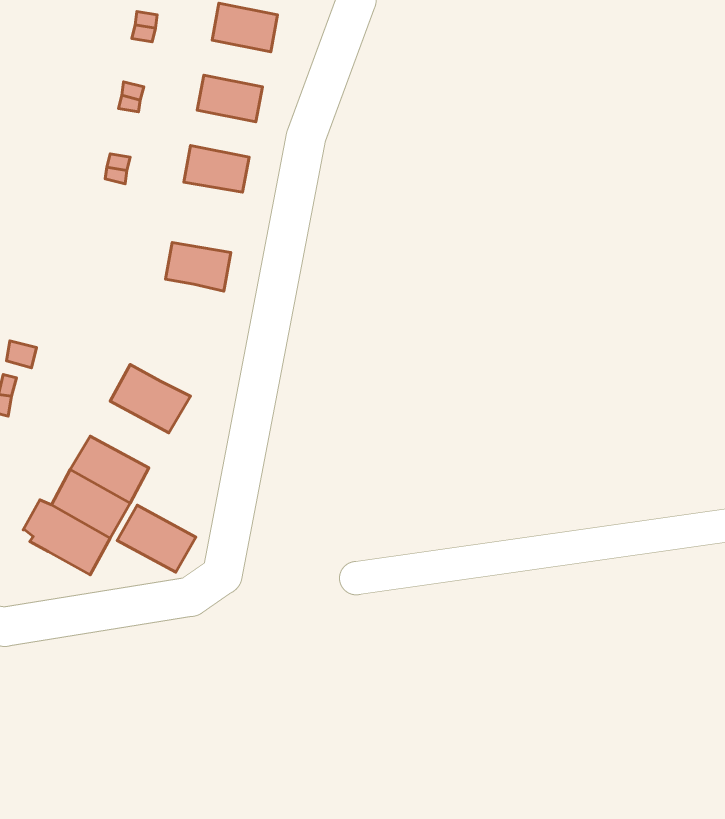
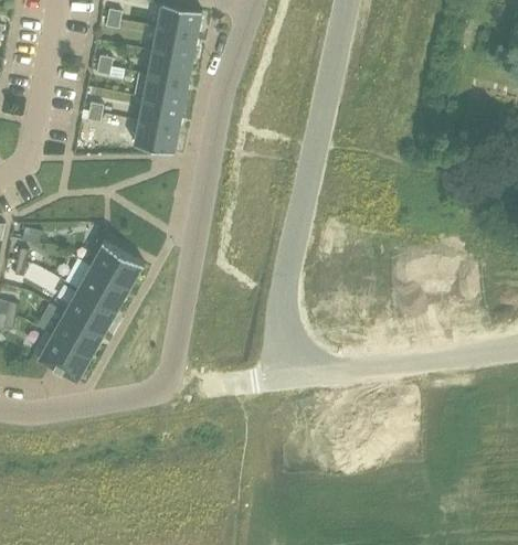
building: none -> [151,28,195,58]
building: none -> [142,74,186,105]
building: [165,243,231,291] -> [134,121,177,153]
building: [117,505,196,572] -> [76,266,128,310]

